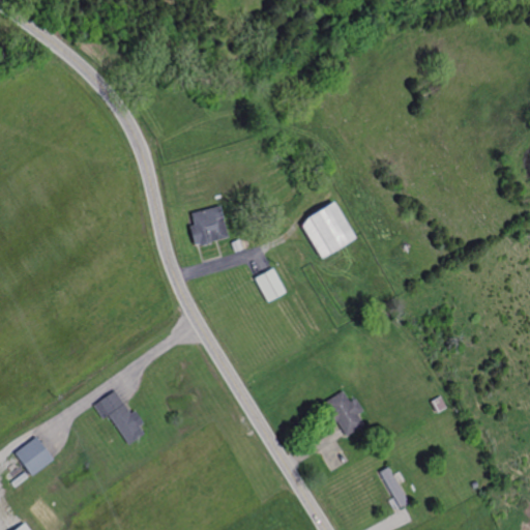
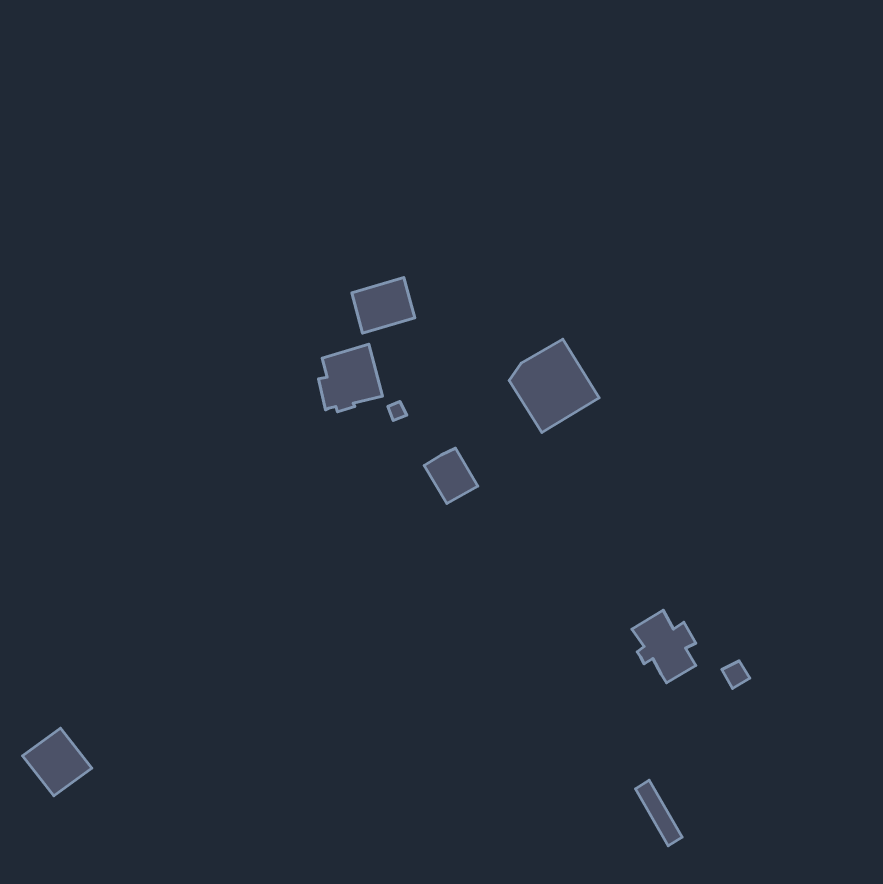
building: none -> [352,278,415,333]
building: [93,389,145,443] -> none
building: [325,390,363,434] -> [632,610,696,683]

